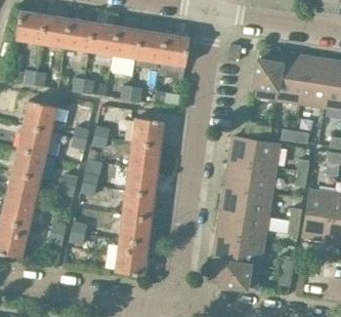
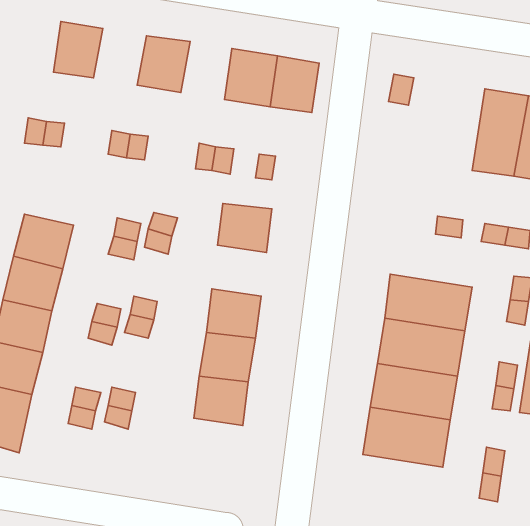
building: [15,11,44,44] -> none
building: [62,19,92,51] -> none
building: [112,27,140,60] -> none
building: [253,50,283,100] -> none
building: [24,100,57,130] -> none
building: [229,136,279,165] -> none
building: [129,142,160,170] -> none
building: [115,239,146,275] -> none
building: [211,260,259,289] -> none

